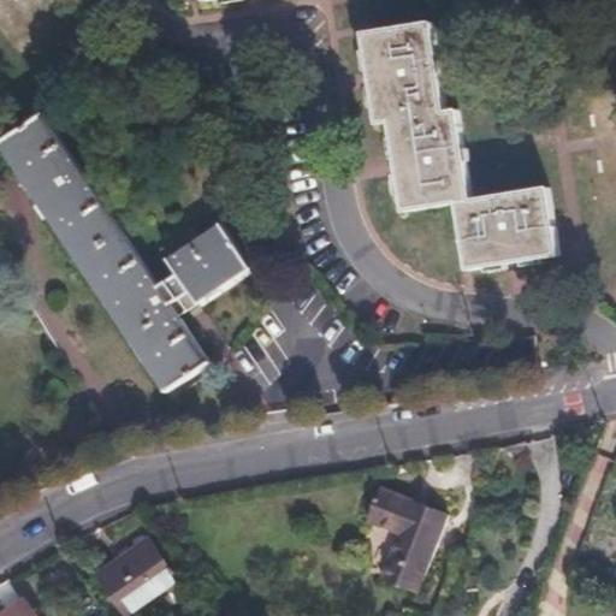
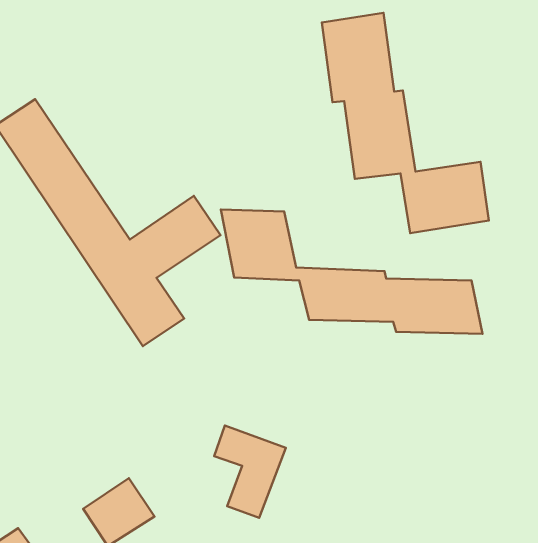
building: none -> [221,210,482,334]
building: [359,488,439,593] -> [214,425,286,518]

